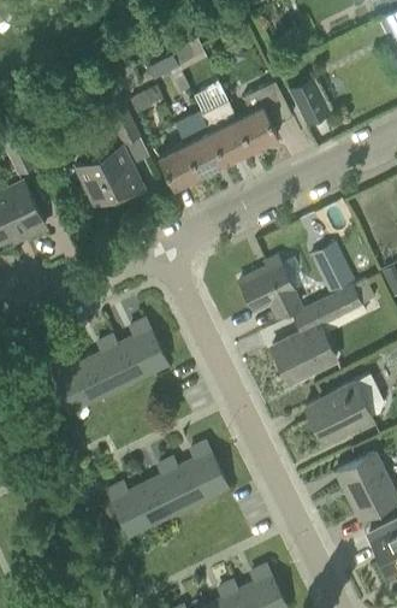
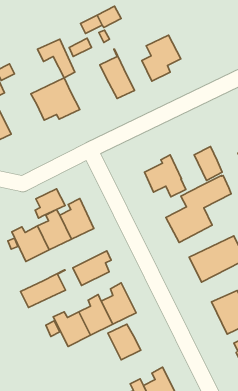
building: [290,79,327,122] -> none
building: [196,89,250,163] -> none
building: [158,144,200,189] -> none
building: none -> [35,189,65,218]
building: none -> [73,251,111,285]
building: none -> [21,270,65,307]
building: none -> [108,324,141,360]

